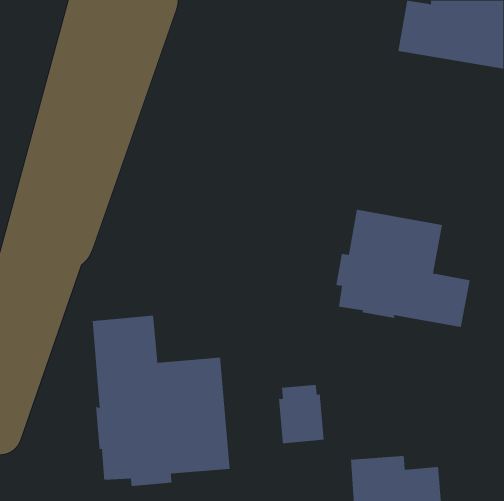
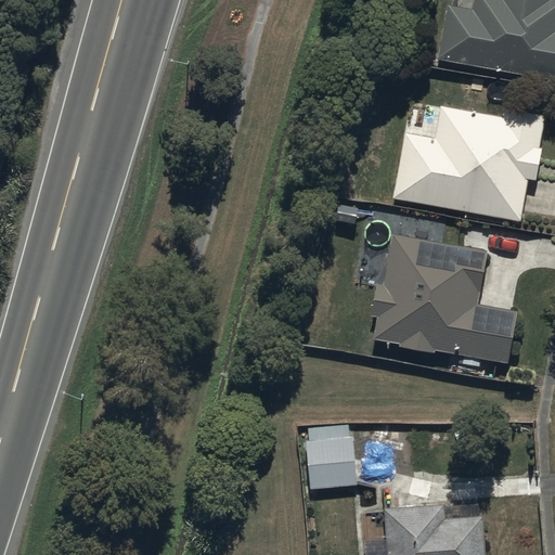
building: none -> [392,106,545,221]
building: [92,315,230,487] -> none

